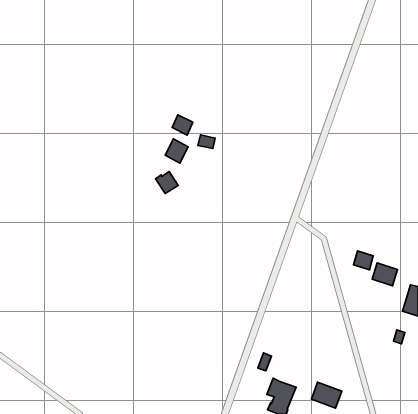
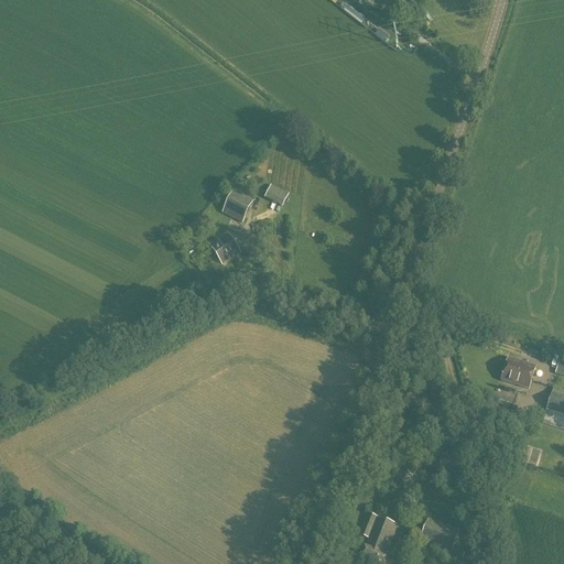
building: [172,115,193,135] -> none
building: [354,251,373,270] -> none

